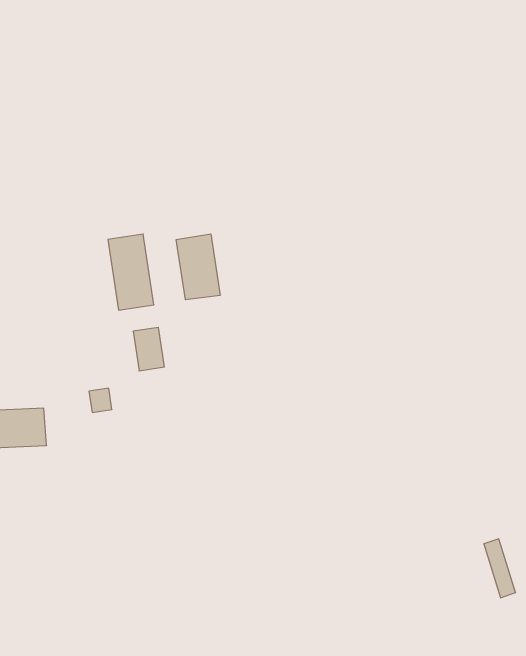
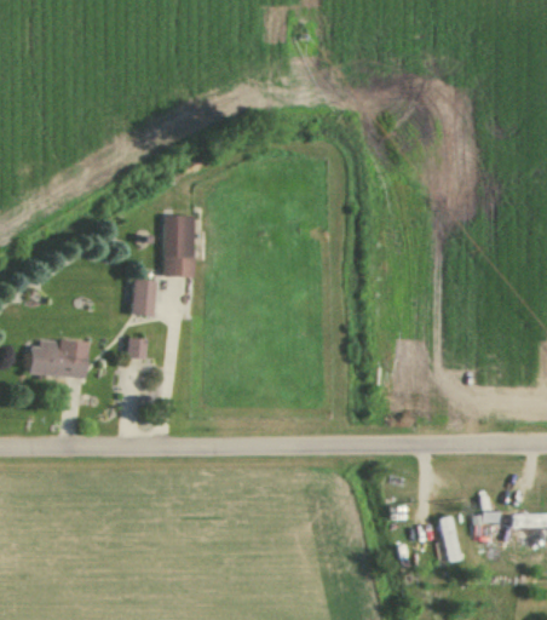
building: [176,234,220,300] -> none
building: [133,327,164,371] -> [132,280,154,314]

